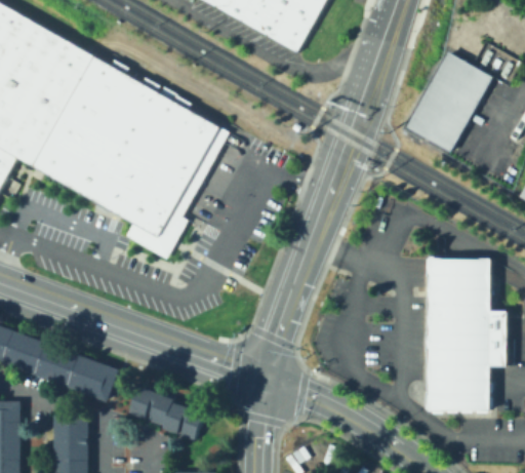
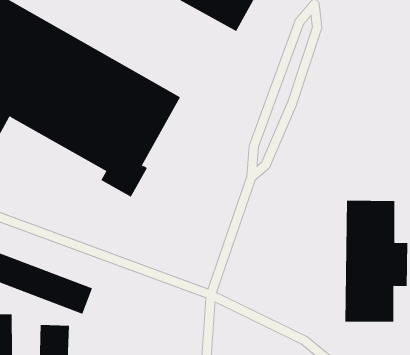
building: [407,52,496,153] -> none
building: [128,386,204,440] -> none

